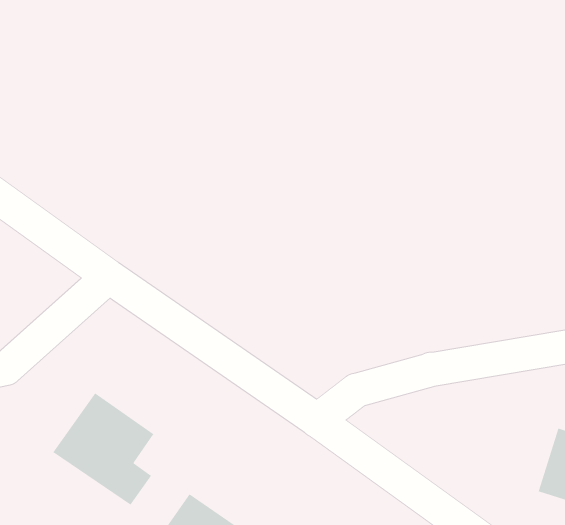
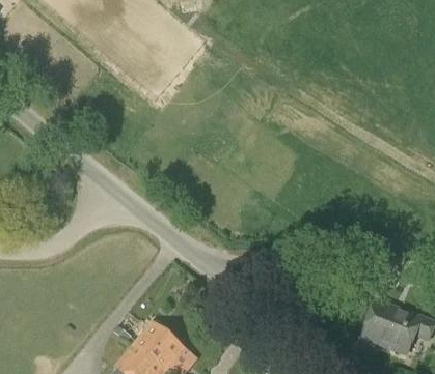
building: [52,392,154,506] -> none

